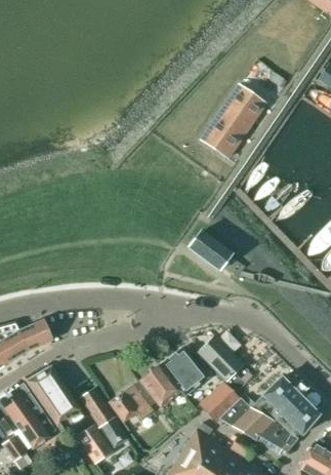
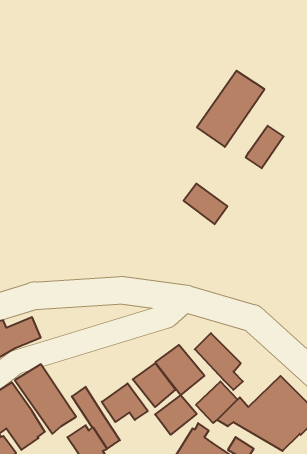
building: none -> [246,126,284,168]
building: [190,231,232,270] -> [184,184,227,224]
building: none -> [155,395,197,435]

